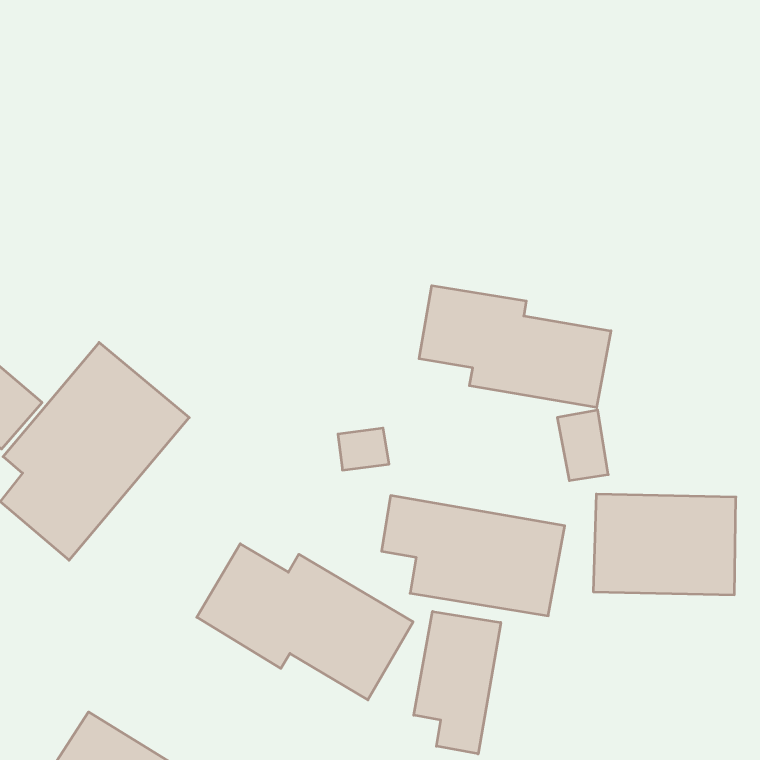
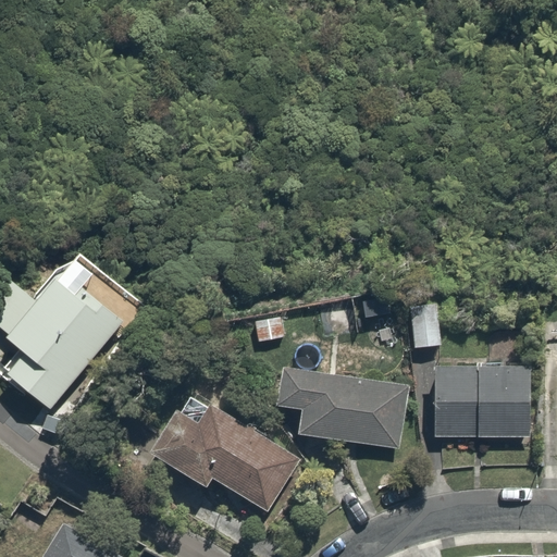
building: [419,286,611,408] -> none
building: [414,611,501,754] -> none

